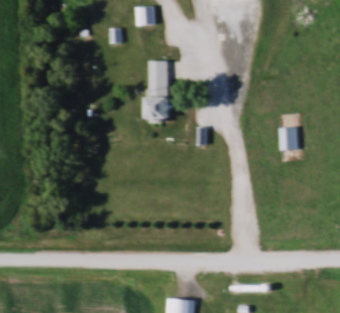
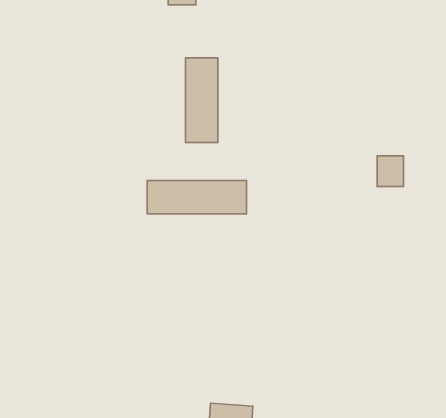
building: none -> [147,181,246,214]

